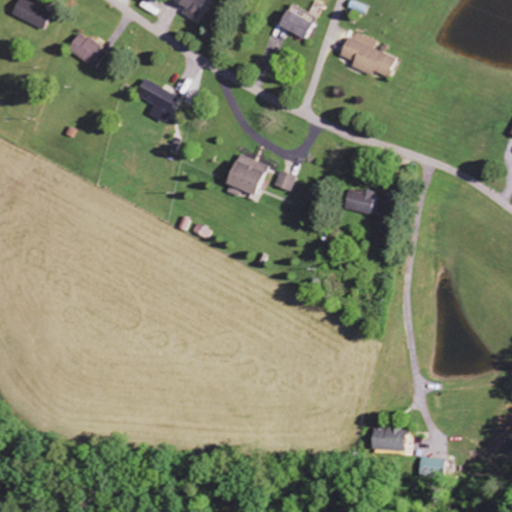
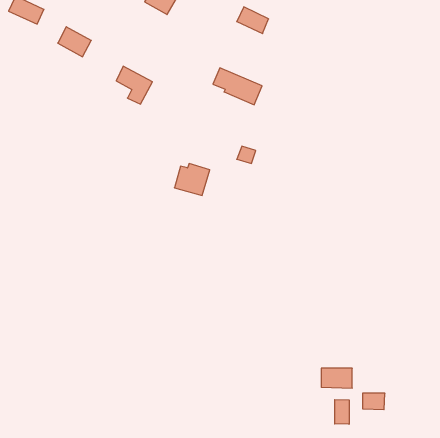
building: [338,36,395,79] -> [213,68,262,105]
building: [225,156,266,193] -> [174,164,210,195]
building: [344,186,375,213] -> none
building: none -> [335,400,349,424]

